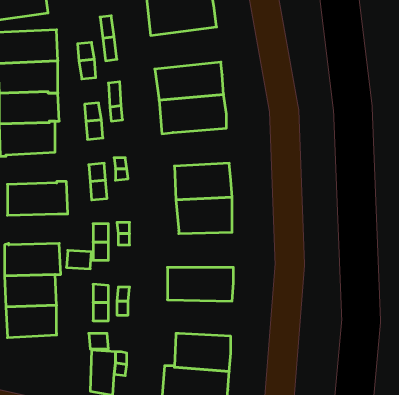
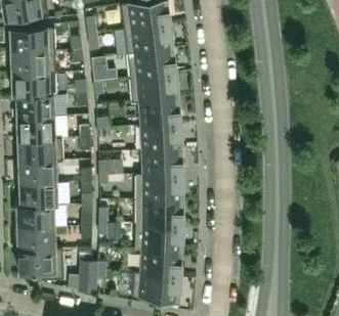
building: none -> [123,26,174,56]
building: none -> [139,99,180,127]
building: none -> [17,117,54,140]
building: none -> [18,162,56,184]
building: none -> [135,174,183,200]
building: none -> [134,224,182,251]
building: none -> [18,249,63,280]

